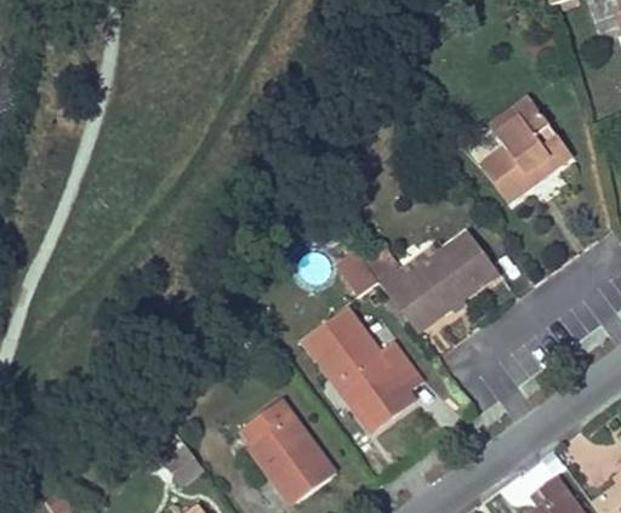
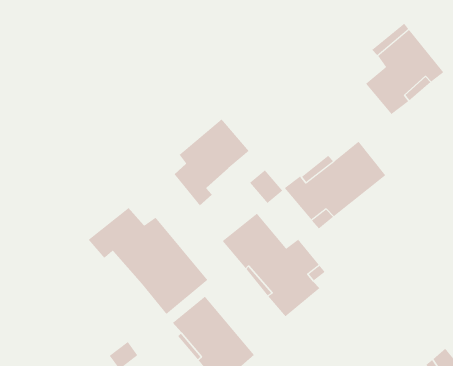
building: none -> [174,118,250,206]
building: none -> [88,207,208,315]

